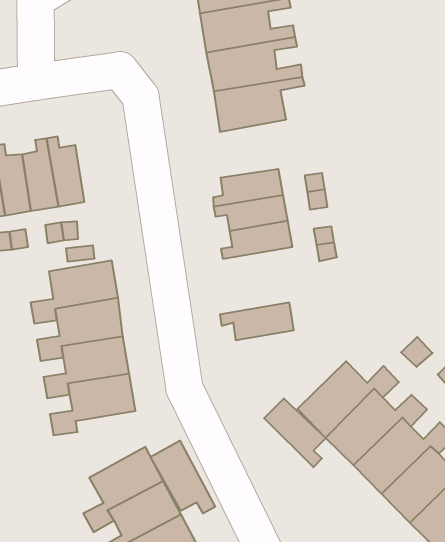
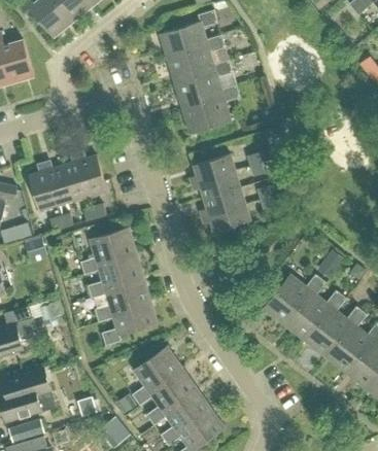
building: [220,303,294,340] -> [201,203,250,232]
building: [264,398,326,467] -> none
building: [151,441,215,513] -> none

